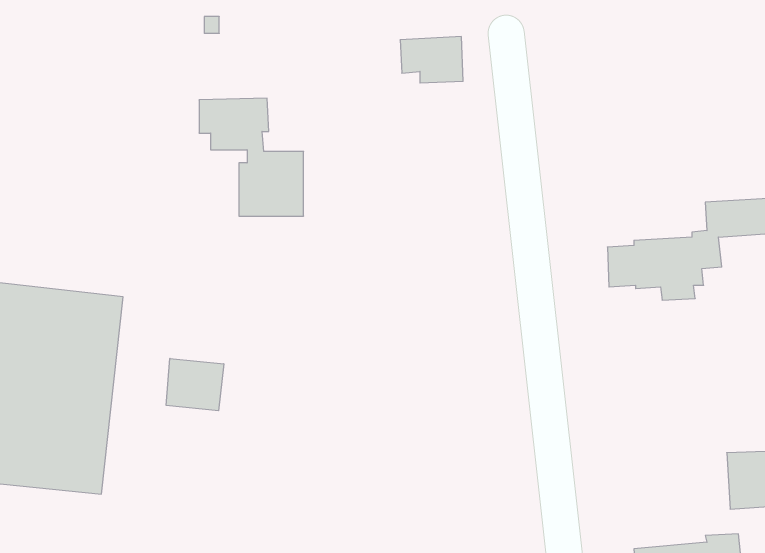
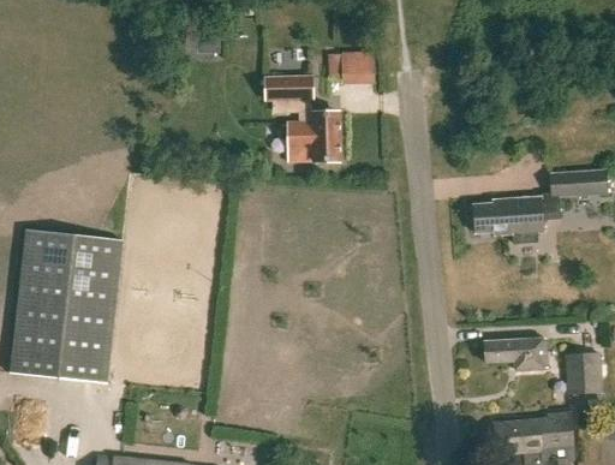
building: [199,98,304,216] -> [261,76,336,161]
building: [166,358,224,411] -> none
building: none -> [485,336,548,369]

